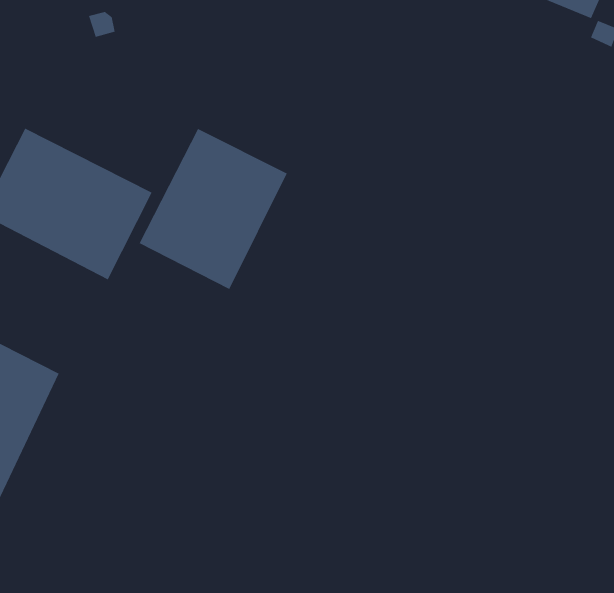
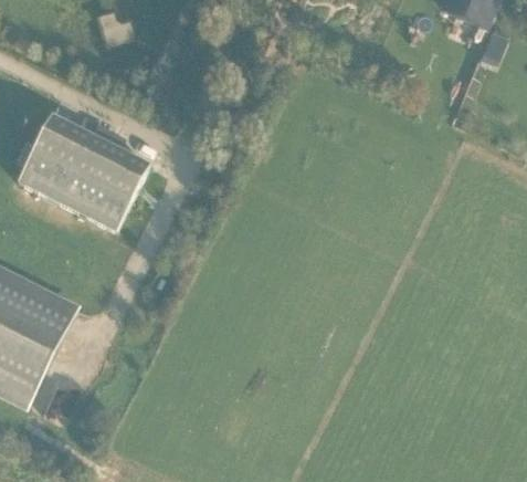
building: [139,128,288,290] -> none

